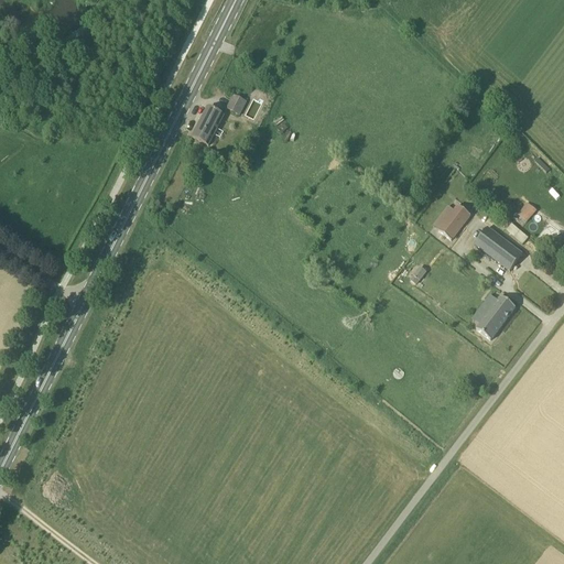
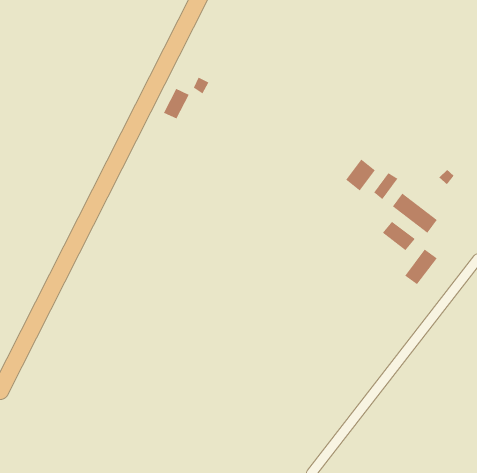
building: none -> [345,158,376,192]
building: none -> [382,221,416,251]

